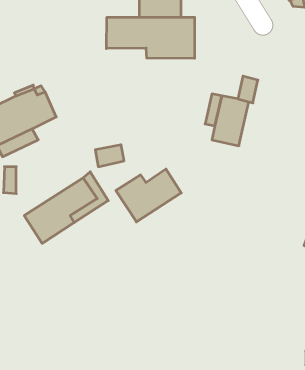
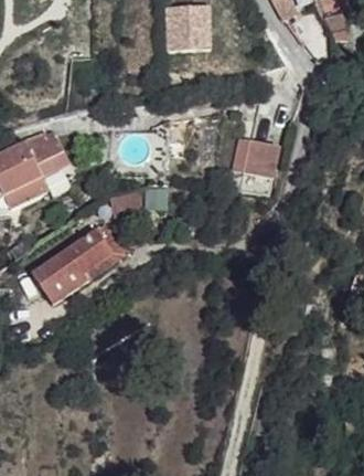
building: [106,17,195,58] -> none
building: [116,169,181,222] -> none

